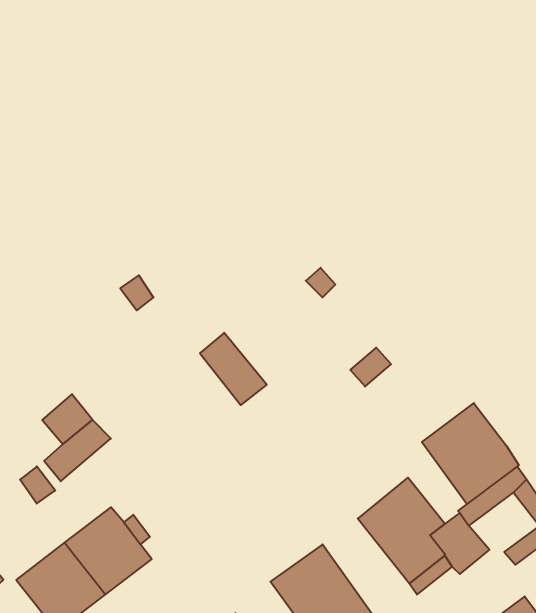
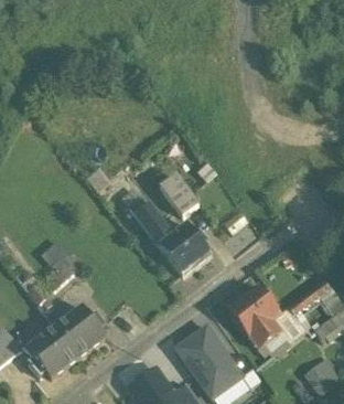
building: none -> [159,173,198,215]
building: none -> [159,222,212,275]
building: [422,403,519,504] -> none

